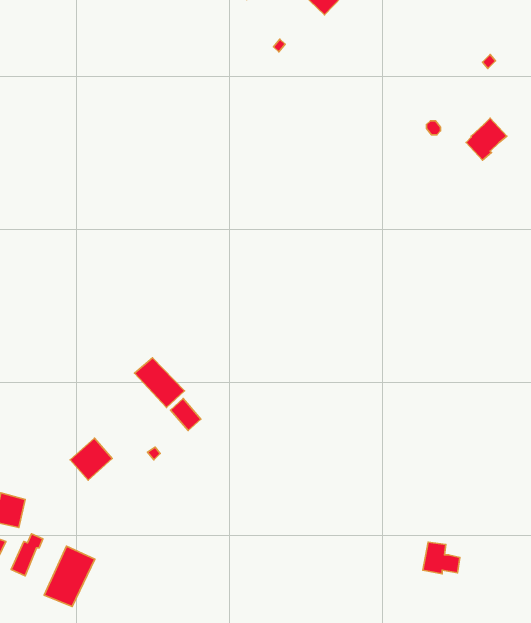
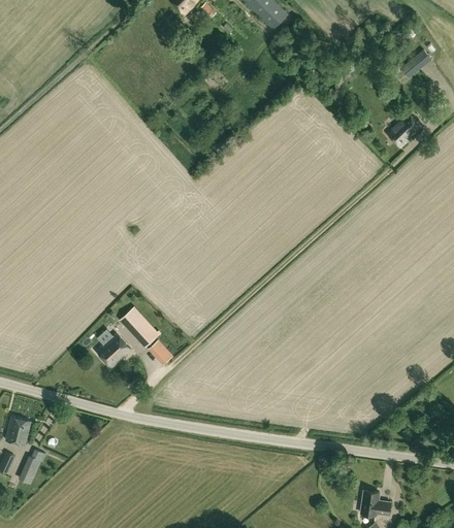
building: [70,438,112,480] -> [97,332,131,366]
building: [423,542,460,574] -> [360,490,390,516]
building: [44,546,95,607] -> none

